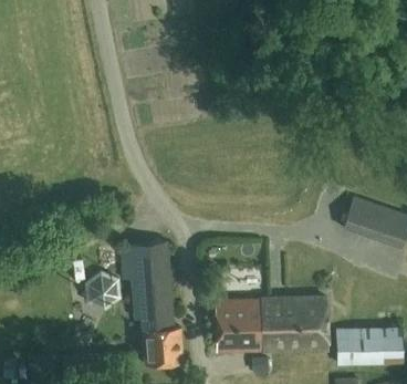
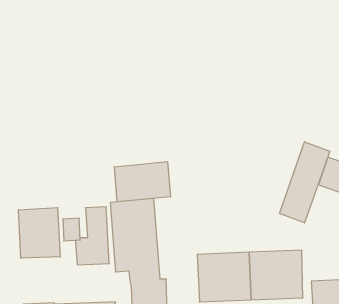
building: none -> [279,142,330,223]
building: none -> [114,162,170,202]
building: none -> [19,207,60,258]

